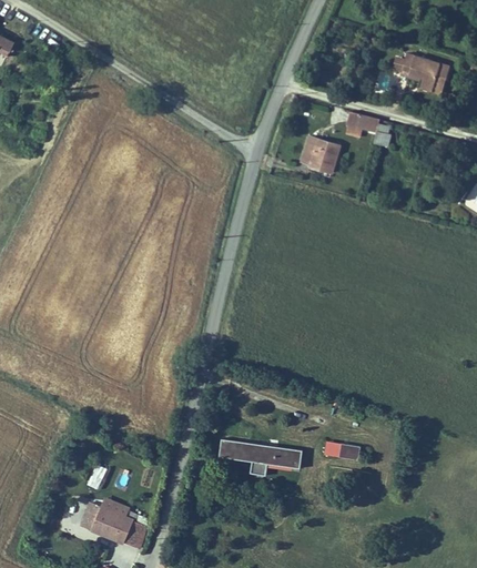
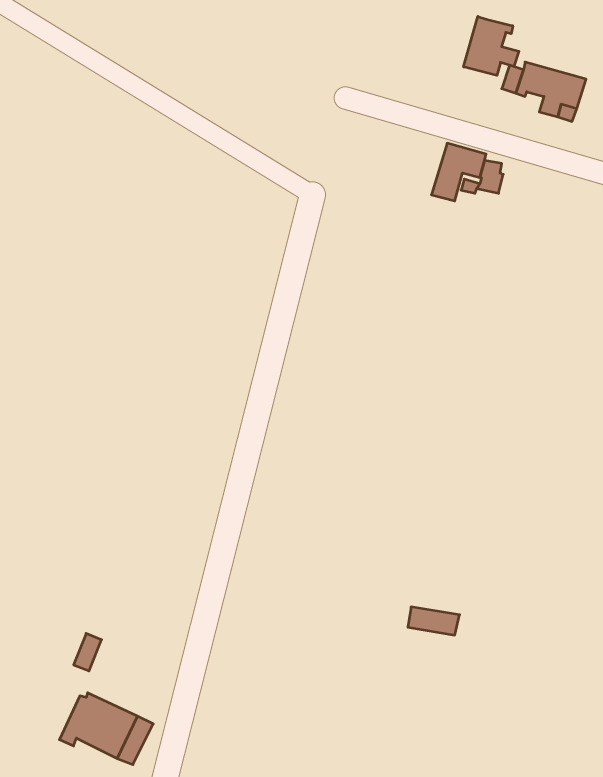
building: none -> [464,16,519,75]
building: [298,133,342,173] -> none
building: [217,440,302,474] -> none

